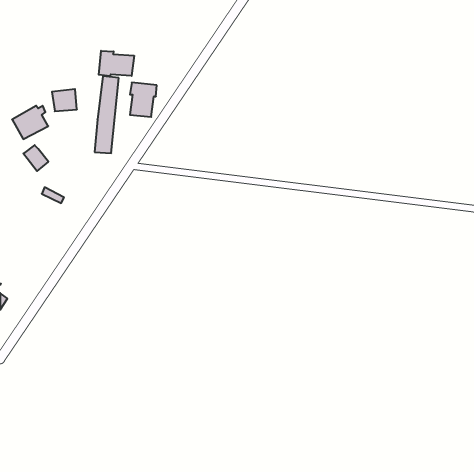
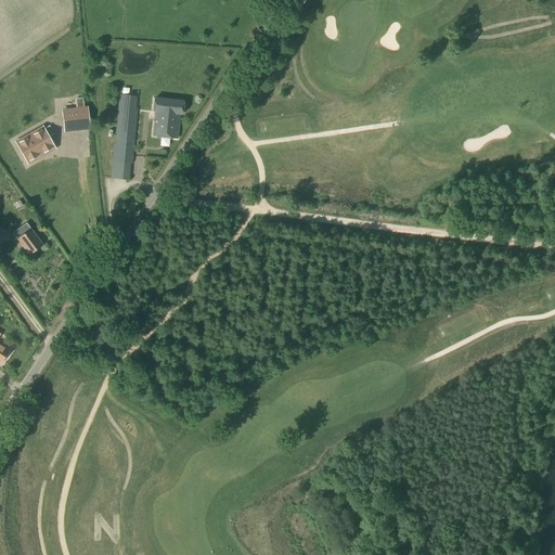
building: [99,51,134,76] -> none
building: [23,145,48,171] -> [13,223,42,254]

